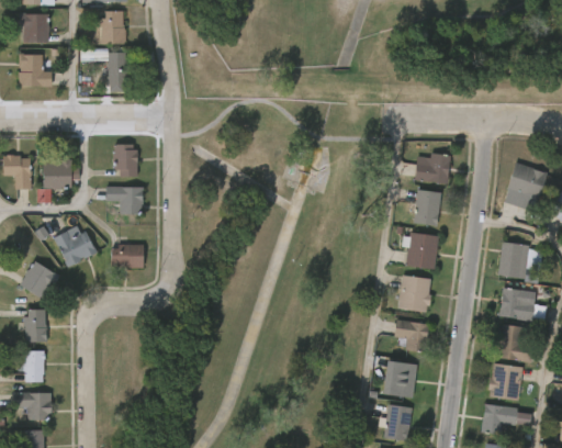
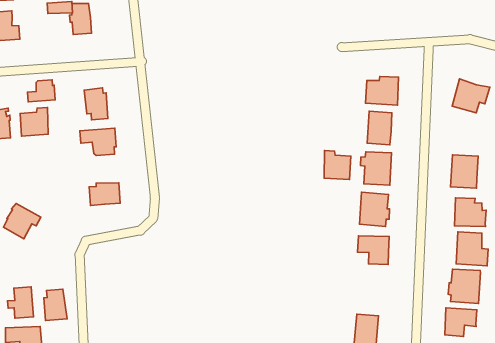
building: none -> [27,80,55,102]
building: [56,227,99,267] -> none
building: none -> [324,151,351,179]
building: [24,310,47,341] -> [44,289,67,320]
building: [392,361,417,397] -> none

